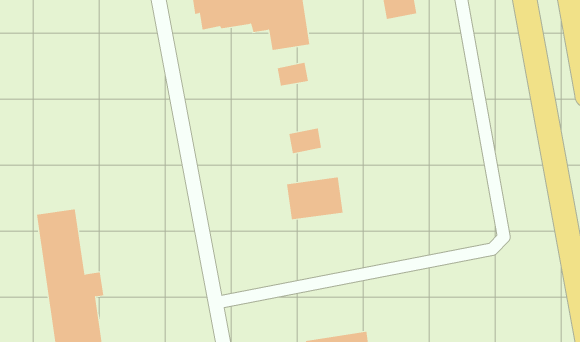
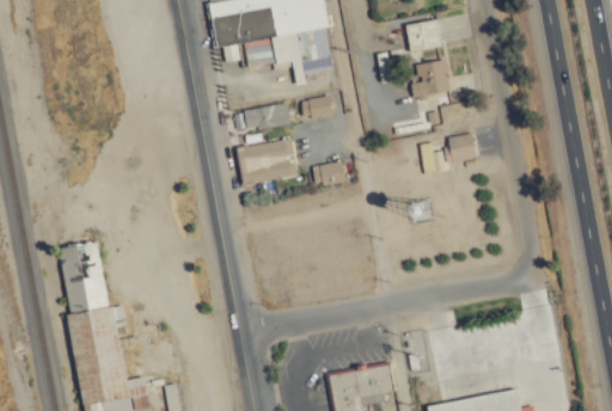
building: none -> [410,60,449,97]
building: none -> [244,104,290,129]
building: none -> [447,133,476,161]
building: [286,177,343,220] -> [239,140,296,183]

